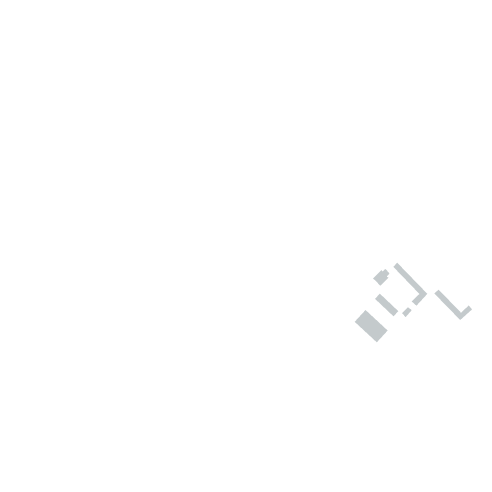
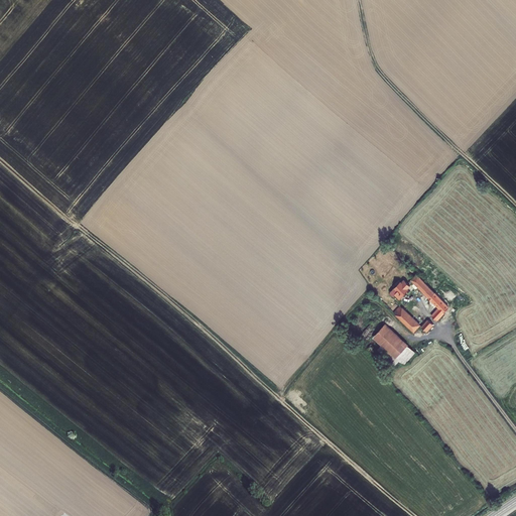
building: [433,289,473,321] -> none

